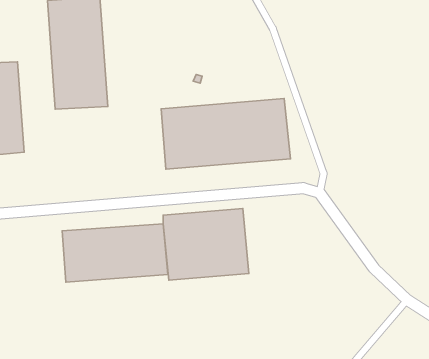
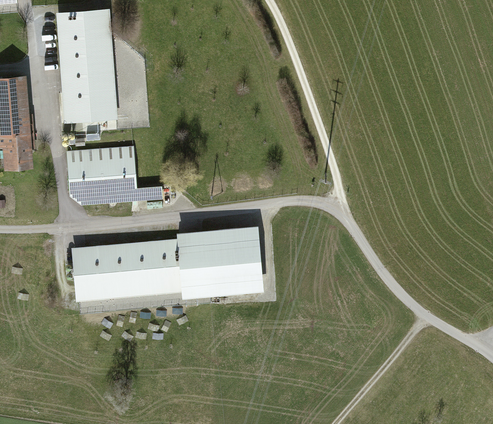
building: [161,99,290,169] -> none
building: none -> [67,147,164,206]

